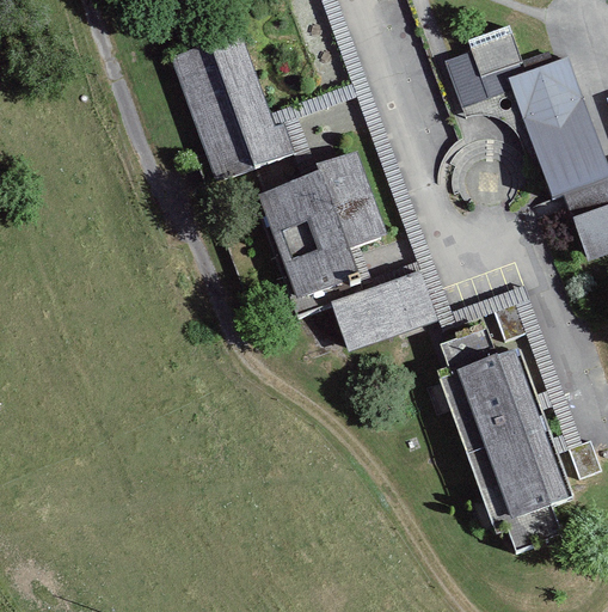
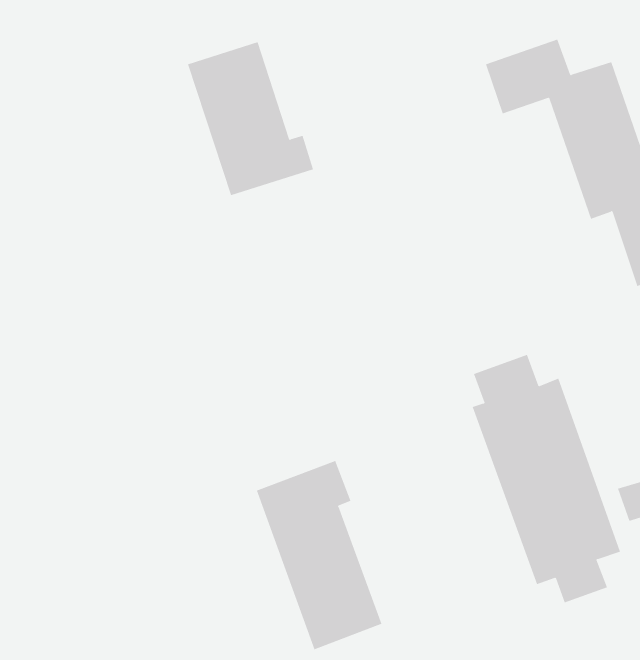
building: [260,152,437,347] -> none
building: none -> [256,460,382,650]

